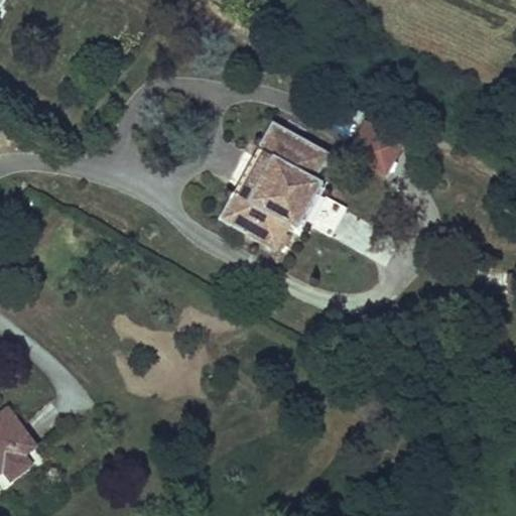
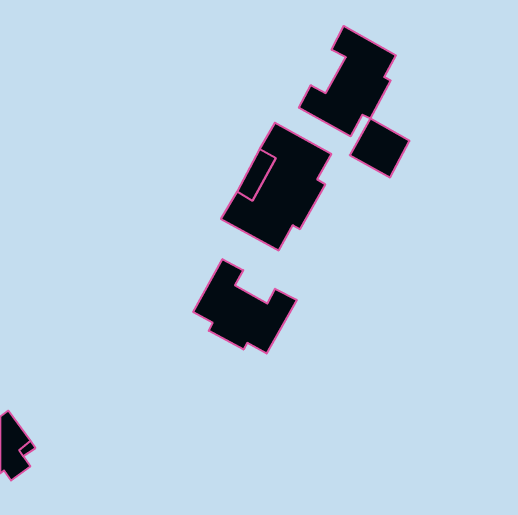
building: none -> [299,26,396,136]
building: none -> [193,259,297,354]

